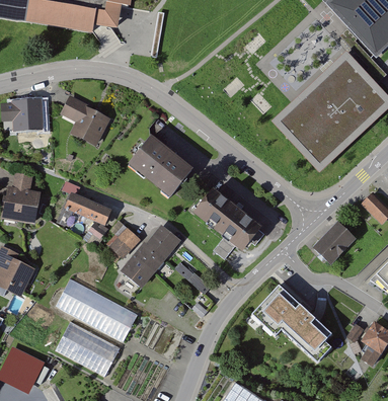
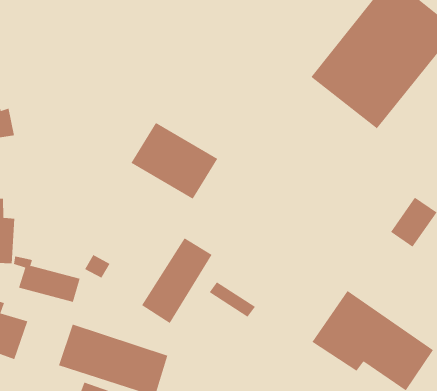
building: [62,95,112,145] -> none
building: [64,184,112,226] -> [13,256,81,303]
building: [198,189,266,252] -> none
building: [105,219,141,260] -> none

